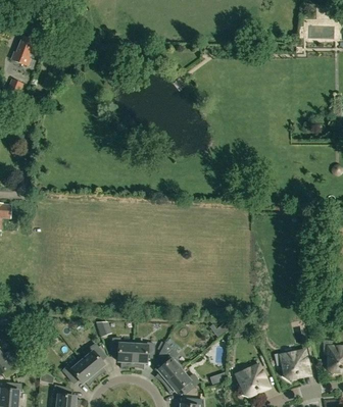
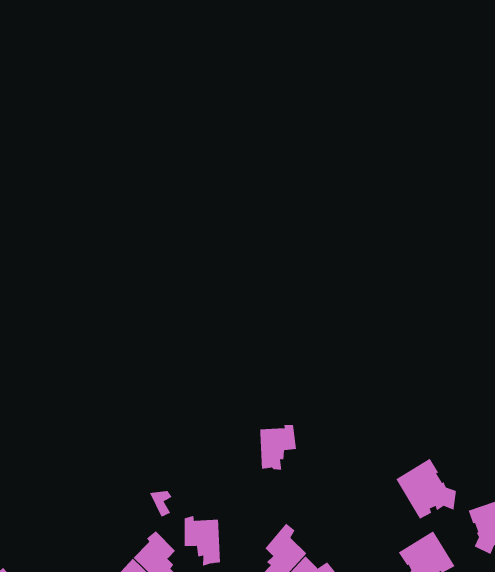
building: none -> [395,458,456,520]
building: [131,341,153,368] -> [259,424,297,470]

